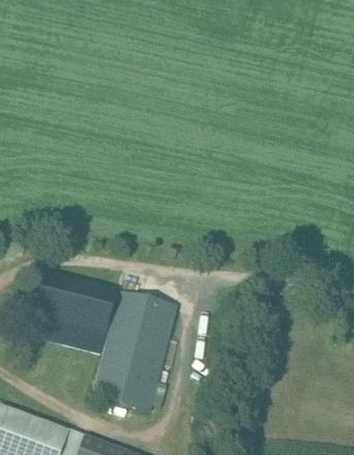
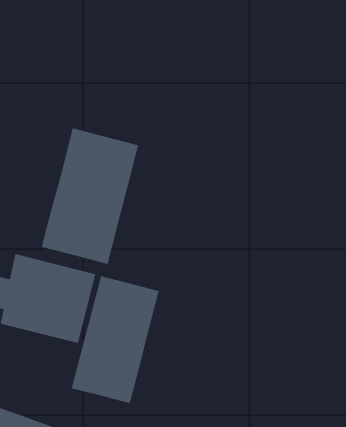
building: none -> [41,127,139,265]

